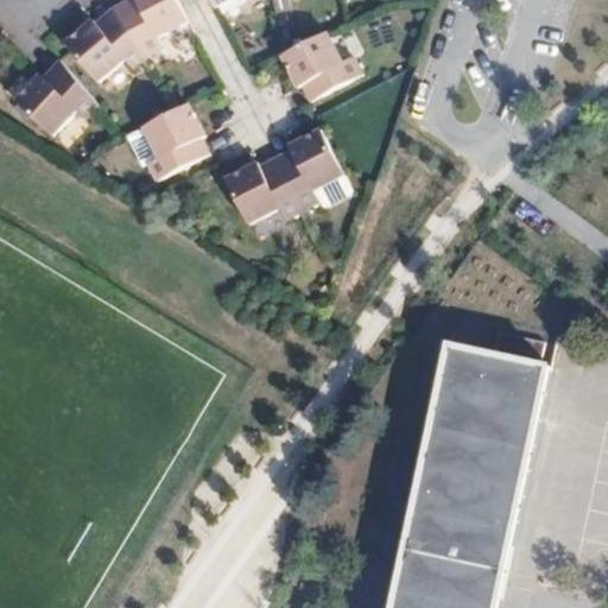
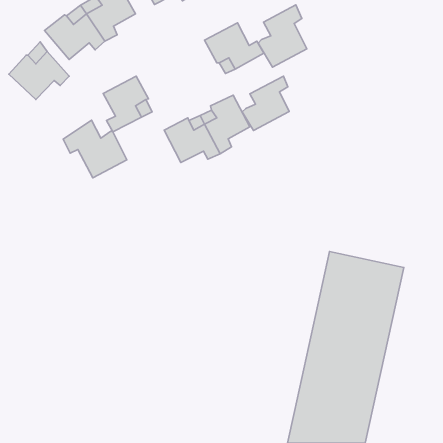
building: none -> [258,5,307,67]
building: none -> [242,76,289,130]
building: none -> [63,120,127,178]

